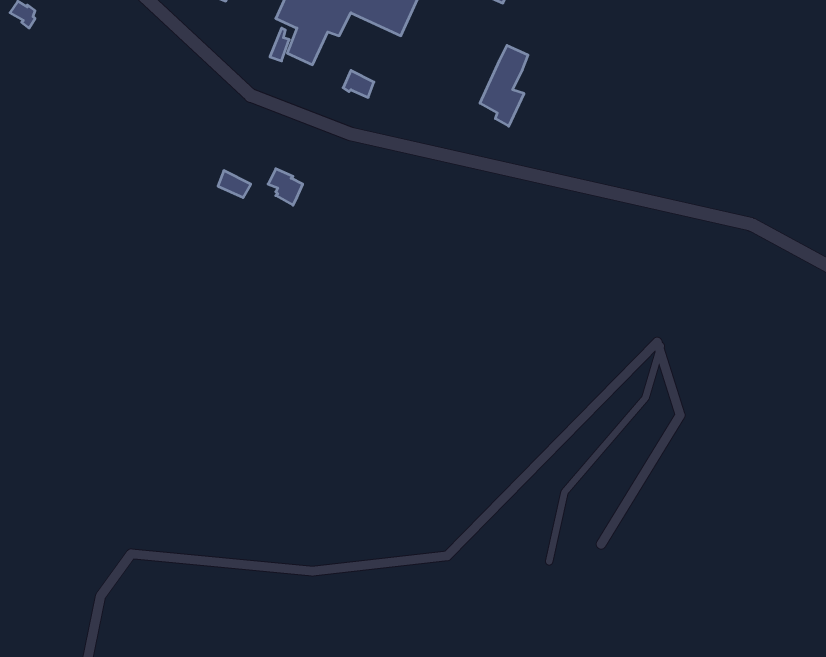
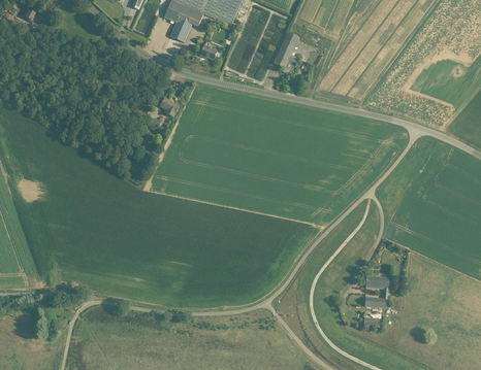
building: none -> [364,276,387,308]

